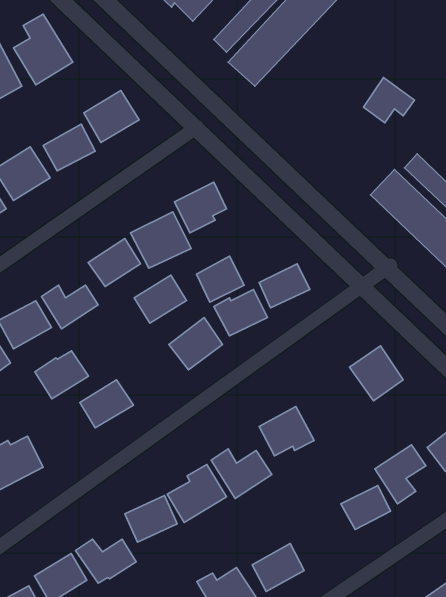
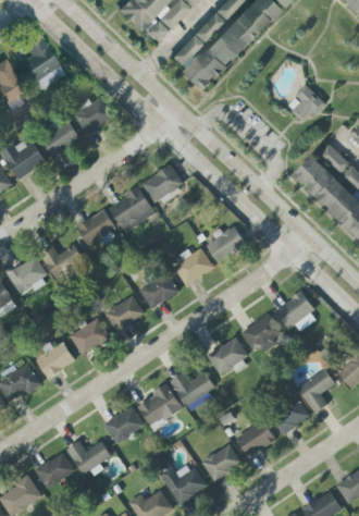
building: [196,256,244,302] -> none
building: [134,275,186,323] -> [103,295,144,332]
building: [35,351,88,399] -> [34,342,75,379]
building: none -> [240,315,281,352]
building: none -> [235,420,275,457]

